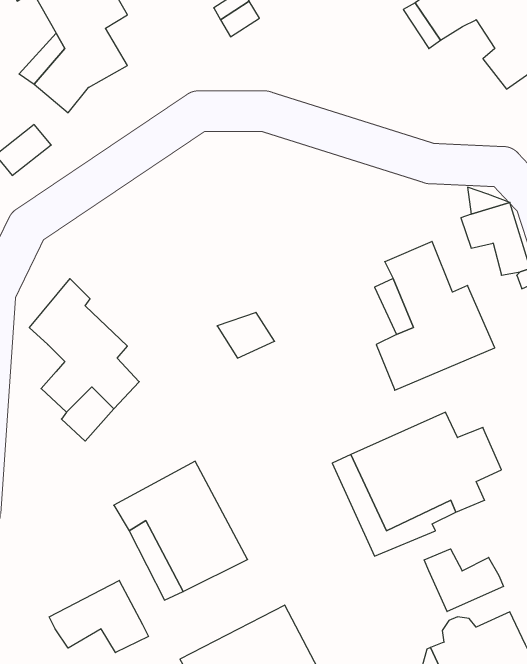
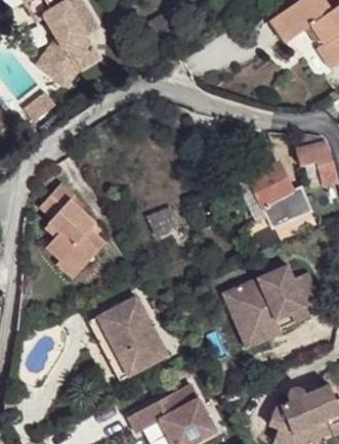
building: [424,549,503,612] -> none
building: [49,580,148,653] -> none

